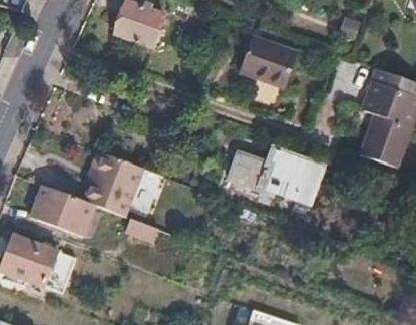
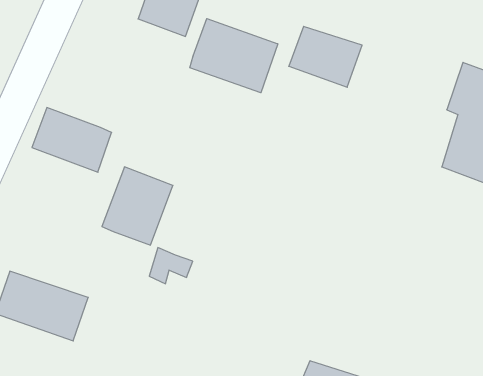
building: none -> [190,19,278,93]
building: [229,147,323,203] -> none
building: [30,185,94,237] -> [32,108,112,172]

